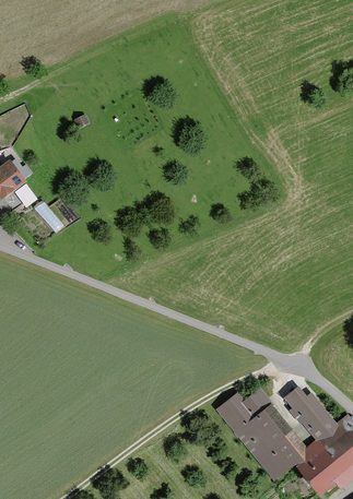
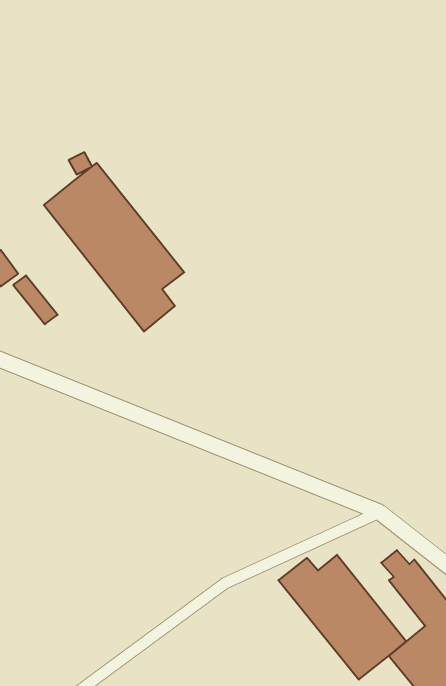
building: none -> [44,163,184,332]

